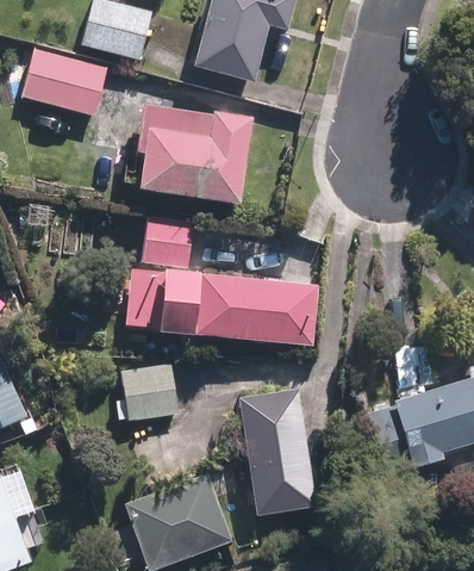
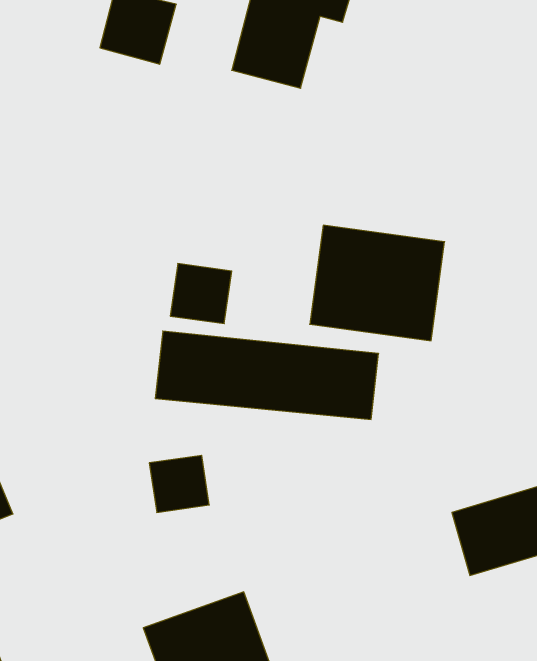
building: [29,49,107,112] -> none
building: [138,108,245,200] -> [310,225,445,341]
building: [241,393,311,509] -> none

